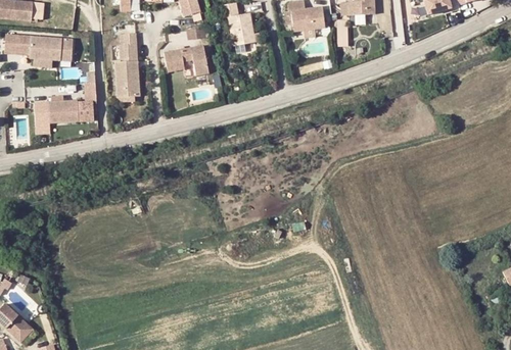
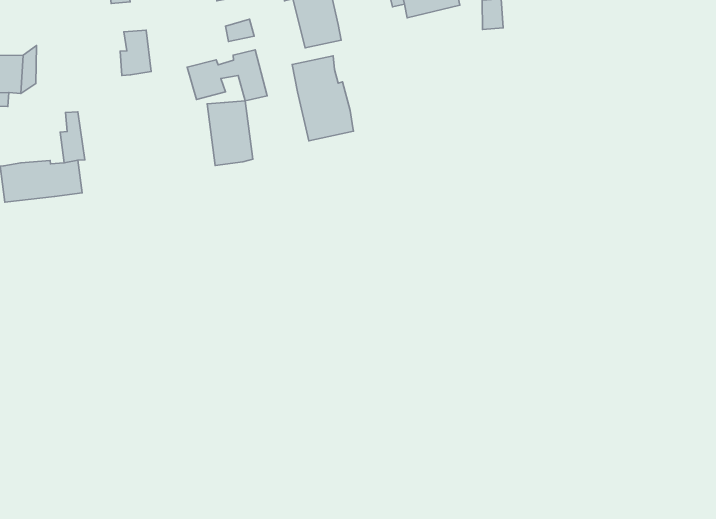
building: none -> [292,56,354,141]
building: [118,56,142,93] -> [207,101,253,166]

